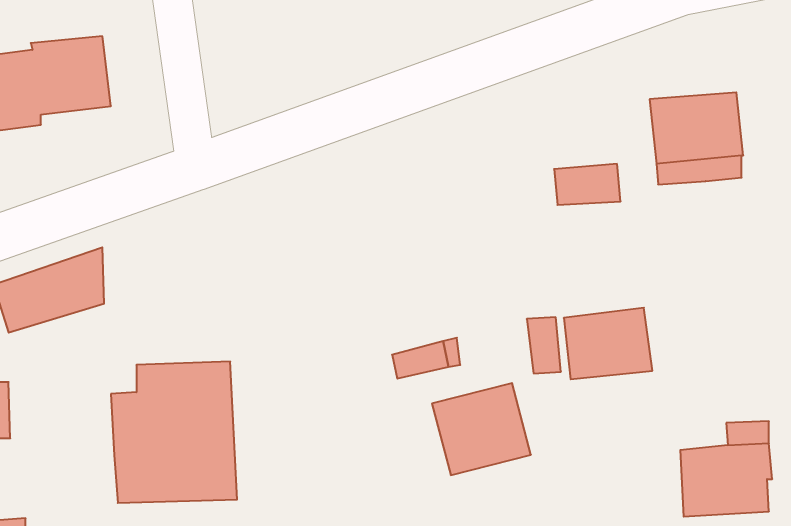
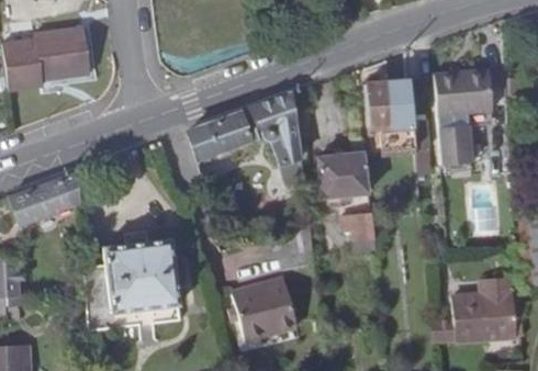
building: none -> [368,78,413,117]
building: none -> [190,91,304,191]
building: none -> [439,125,473,165]
building: [564,308,652,379] -> [314,154,371,200]
building: [432,383,531,475] -> [234,279,298,338]

